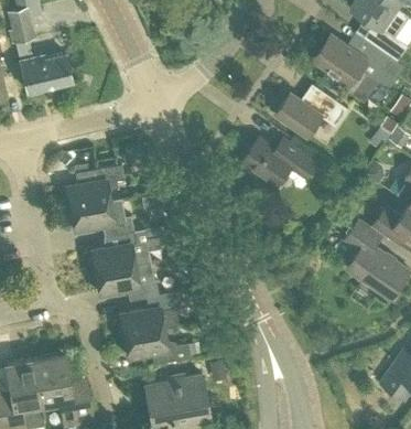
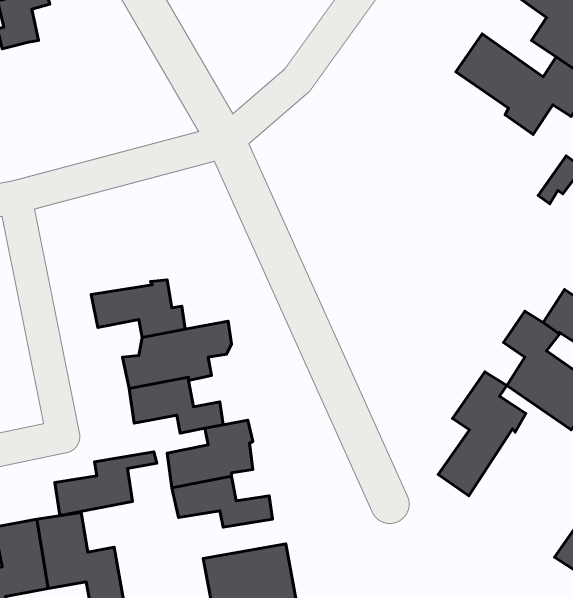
building: [14,40,72,94] -> none
building: [275,84,348,137] -> none
building: [242,137,318,185] -> none
building: [66,164,123,208] -> none
building: none -> [438,372,526,496]
building: none -> [55,452,157,516]

